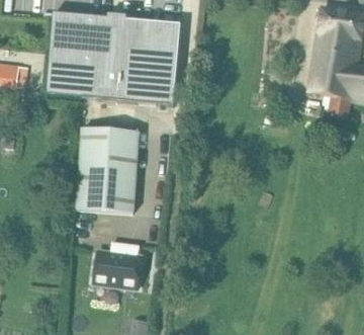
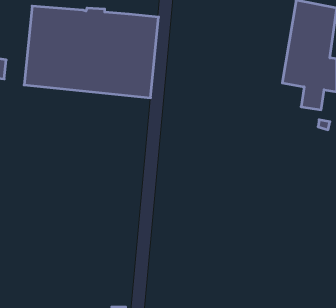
building: [76,127,140,212] -> none
building: [92,240,142,289] -> none

